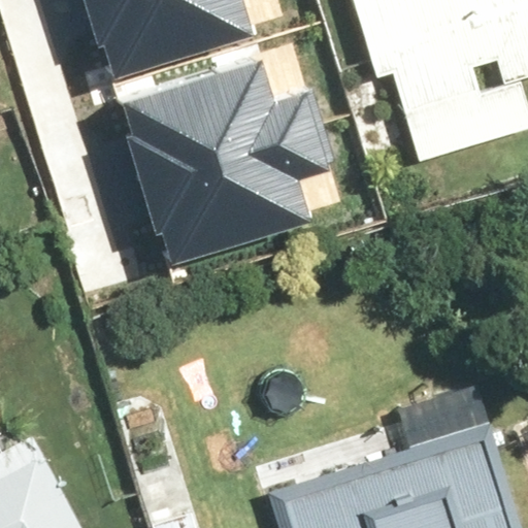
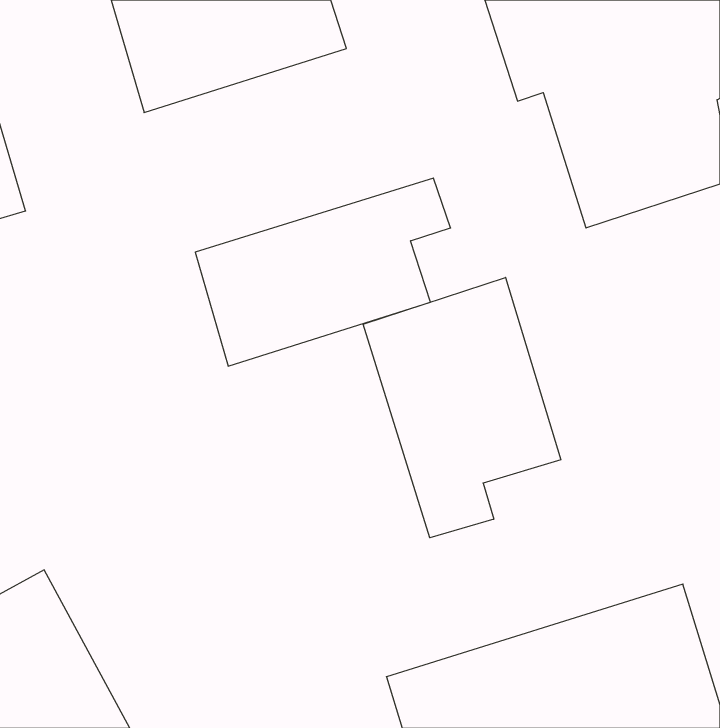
building: [116,55,314,183] -> none
building: none -> [363,277,561,538]

